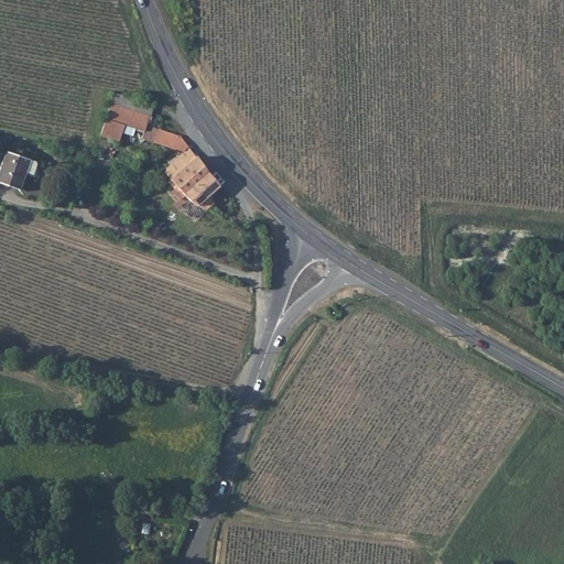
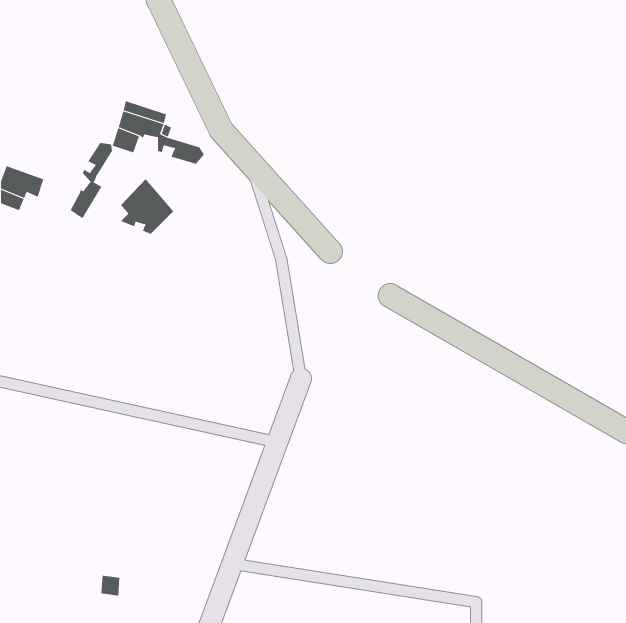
building: none -> [70,142,112,219]
building: [169,154,217,205] -> [120,178,174,235]

